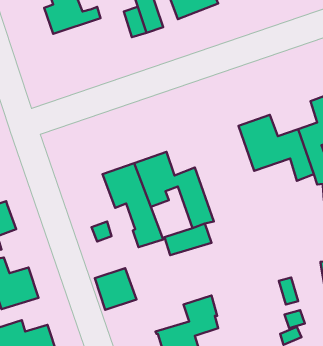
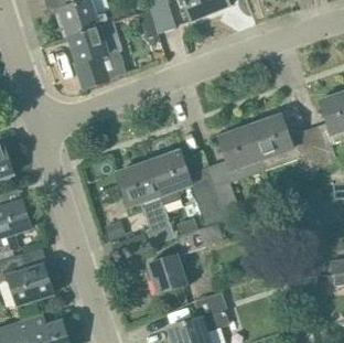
building: none -> [67,19,126,87]
building: none -> [206,125,265,218]
building: [95,268,137,310] -> [147,253,187,293]

